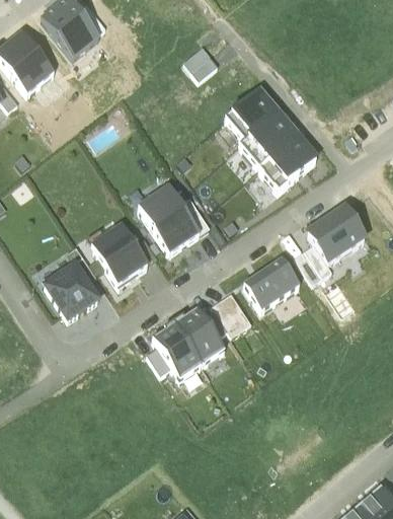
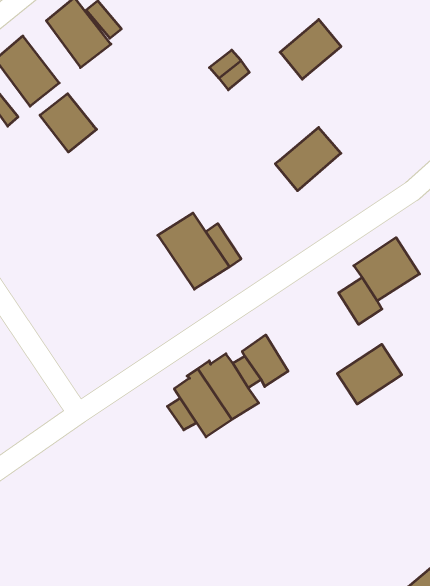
building: none -> [40,94,97,152]
building: [225,87,278,139] -> [280,19,341,79]
building: [259,133,317,189] -> none
building: [92,223,149,283] -> none
building: [244,257,300,309] -> [337,344,402,404]
building: [45,263,99,318] -> none

